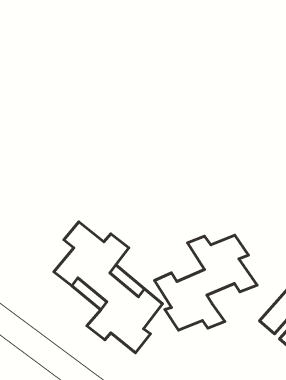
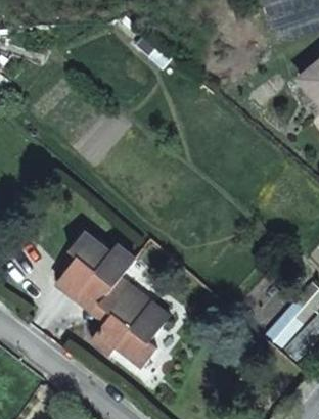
building: [154,235,257,330] -> none

